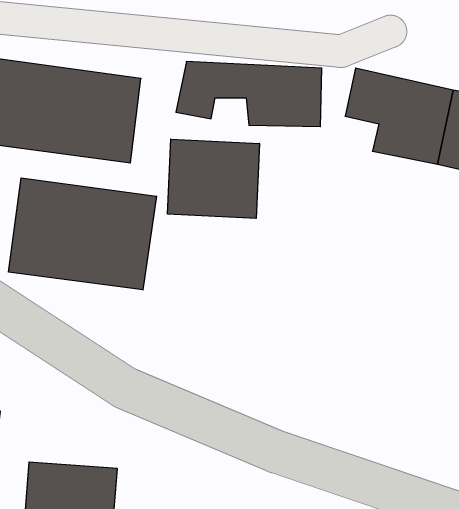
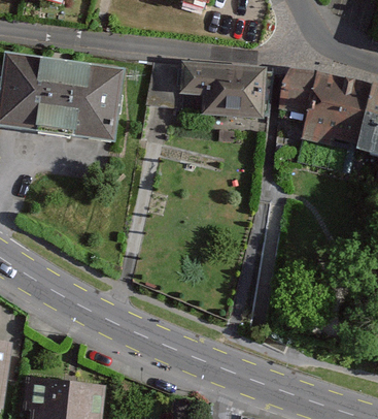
building: [168,139,259,218] -> none
building: [9,178,157,290] -> none

